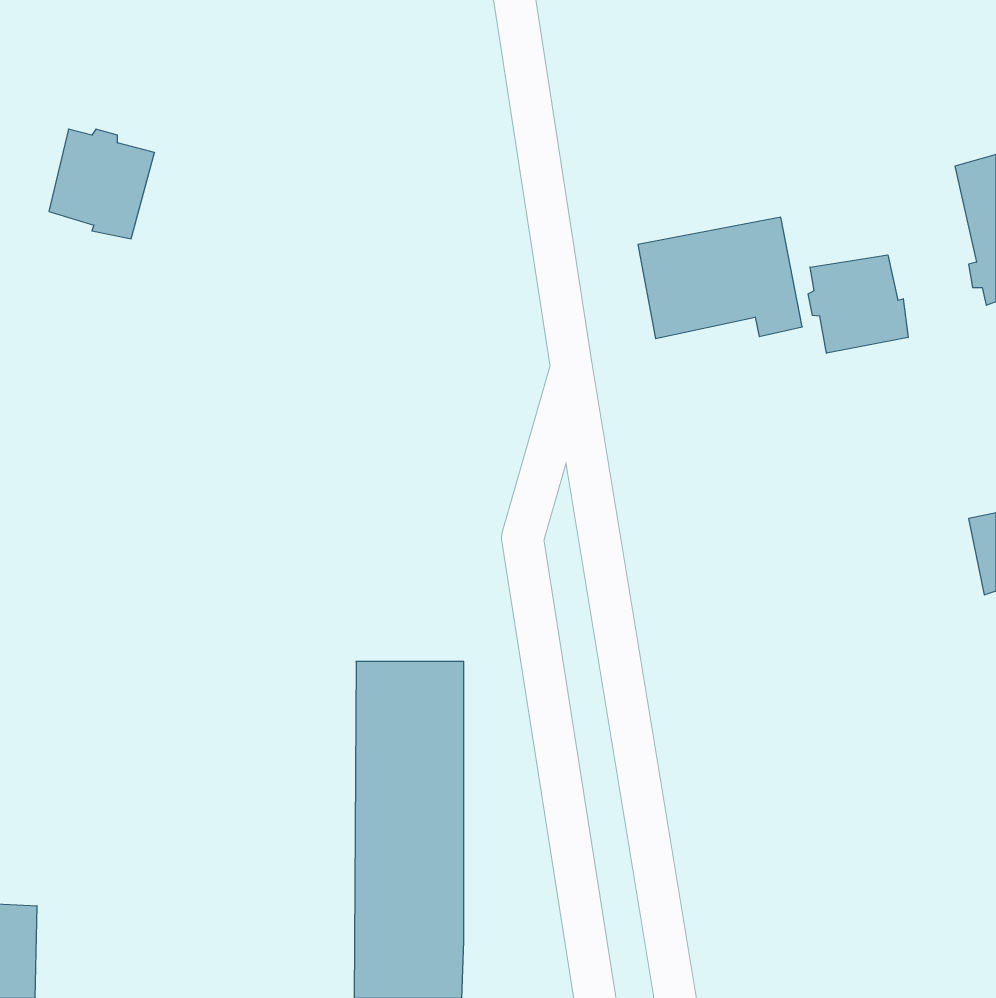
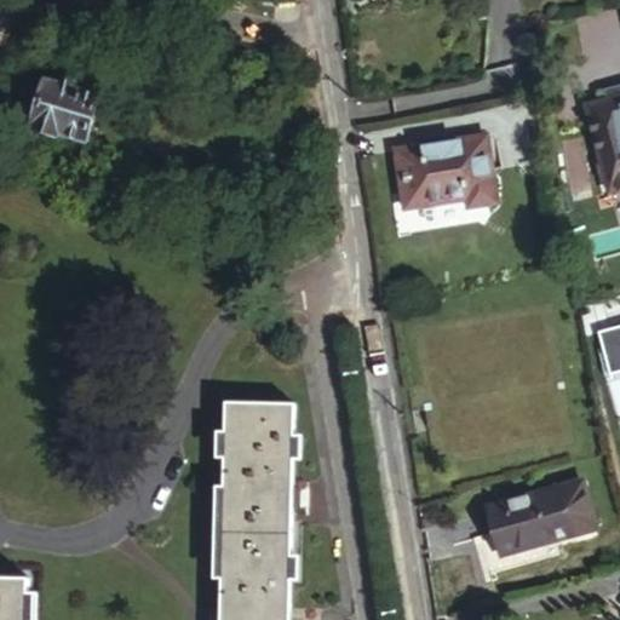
building: [808,255,908,353] -> none
building: none -> [488,480,595,558]

